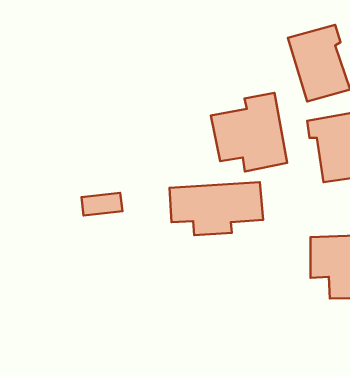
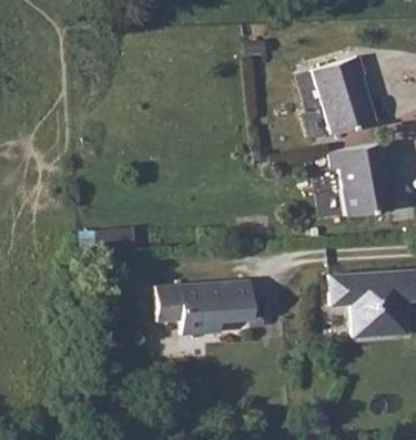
building: [211,93,287,171] -> none
building: [170,182,263,235] -> [156,282,253,336]

